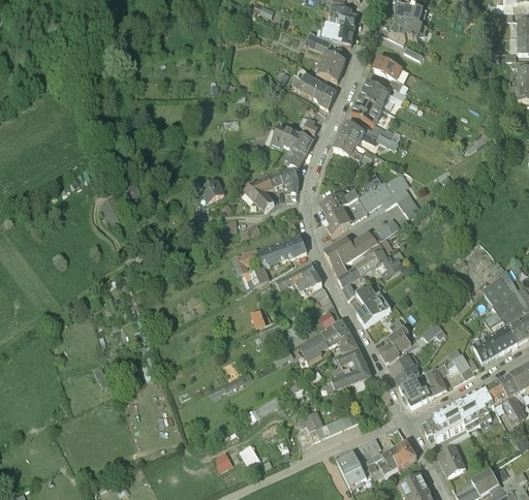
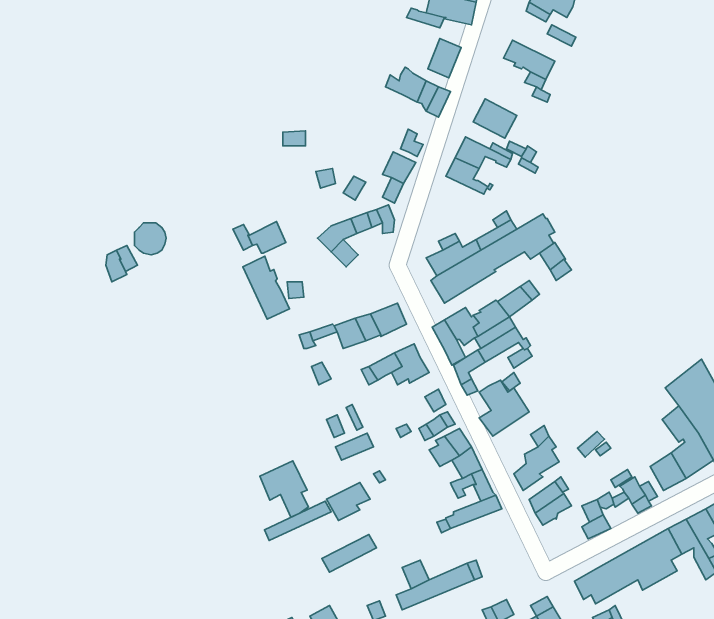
building: [361,80,391,106] -> none
building: [266,127,298,149] -> none
building: none -> [243,256,289,319]
building: [300,335,330,361] -> [326,483,370,520]
building: none -> [260,461,308,517]
building: [400,382,431,406] -> none

